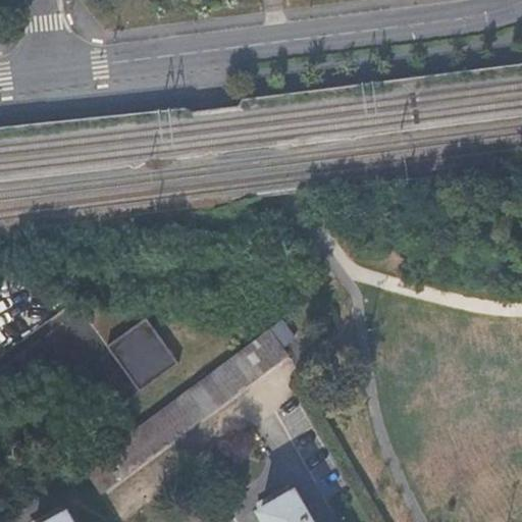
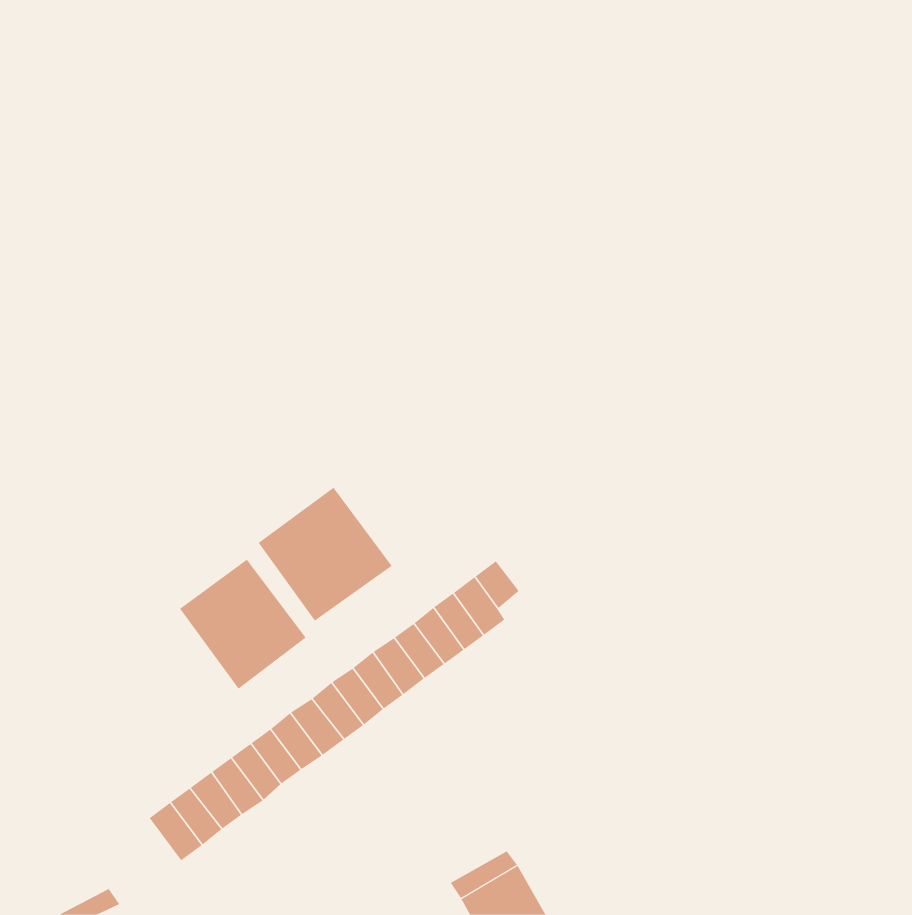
building: none -> [258,487,392,621]

